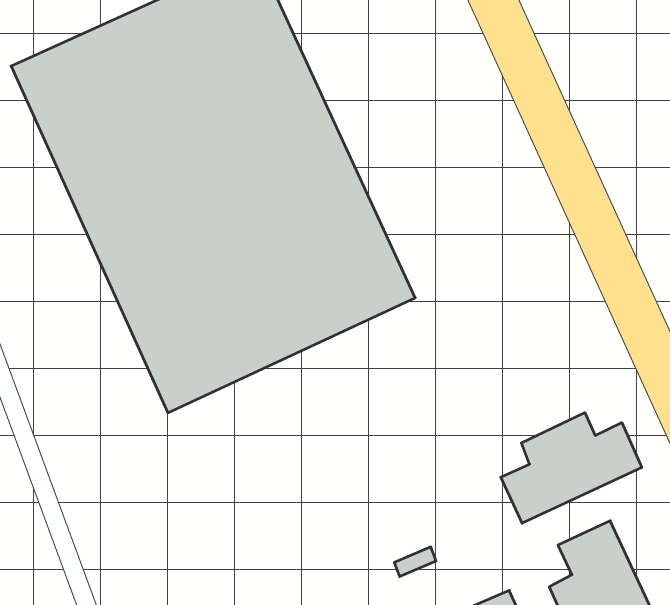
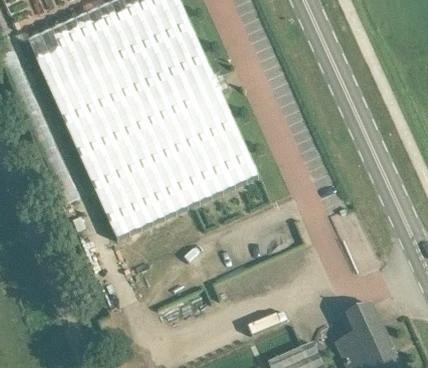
building: [501,413,642,523] -> none

